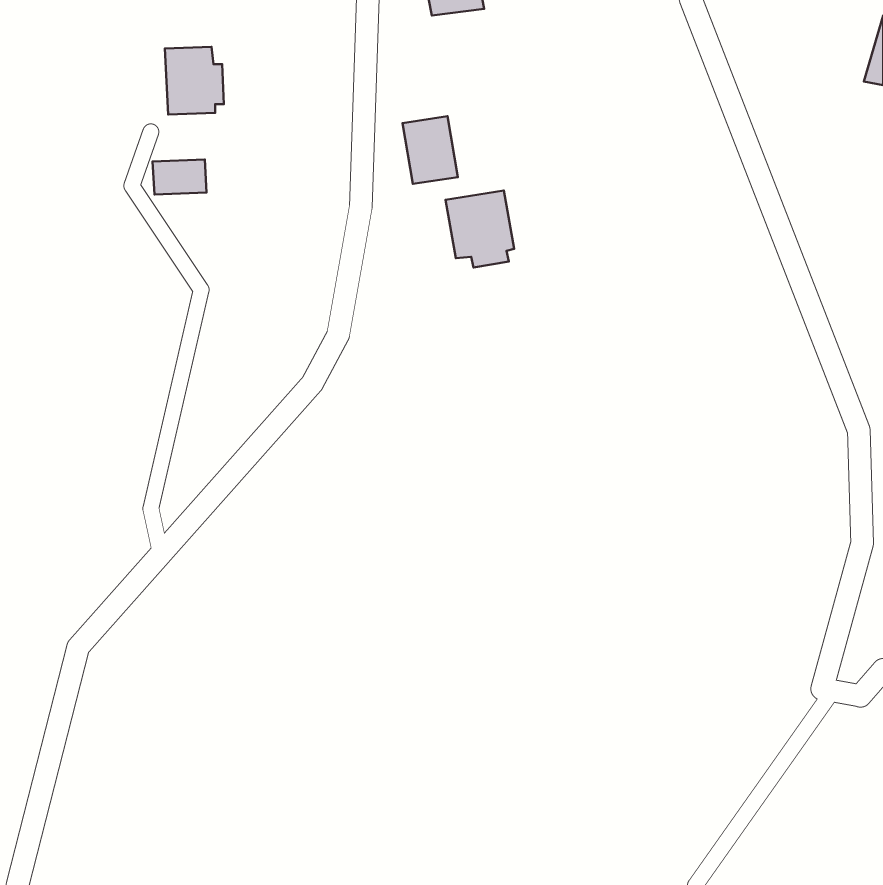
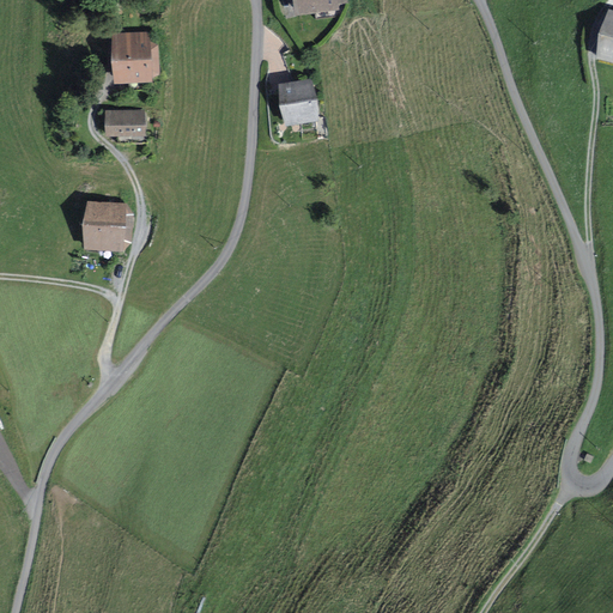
building: [445,191,514,268] -> none
building: none -> [84,202,127,249]

